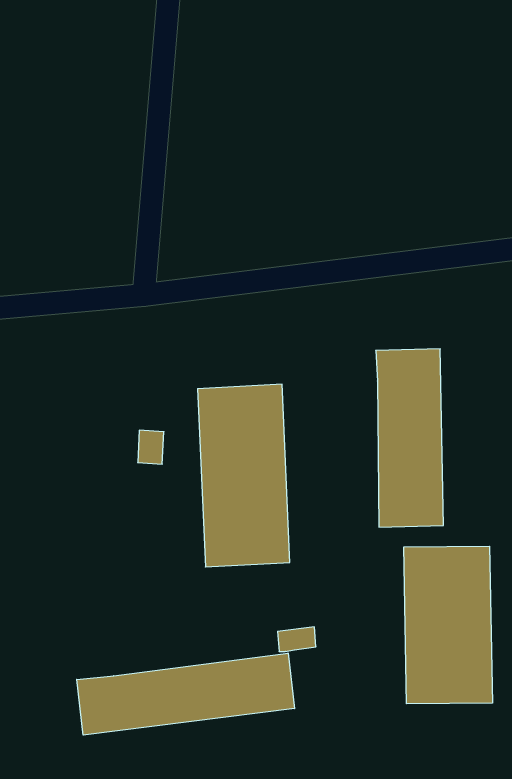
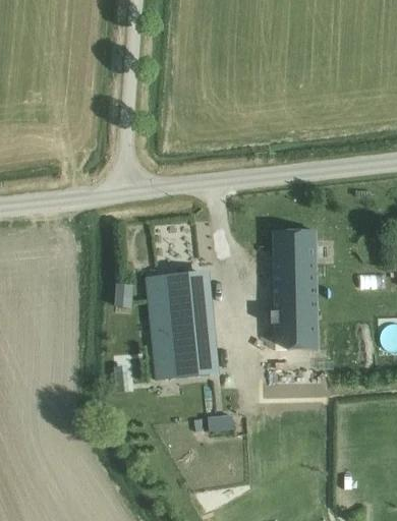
building: [404,546,492,704] -> none
building: [77,653,295,735] -> none

